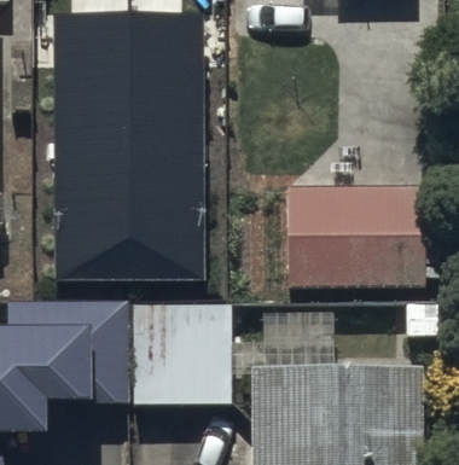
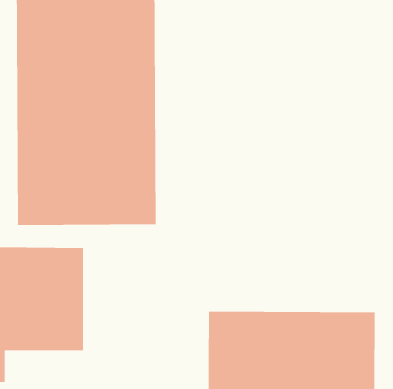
building: [289,184,419,281] -> none
building: [138,303,227,397] -> none

